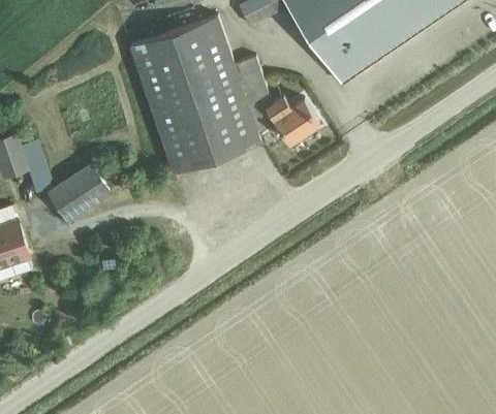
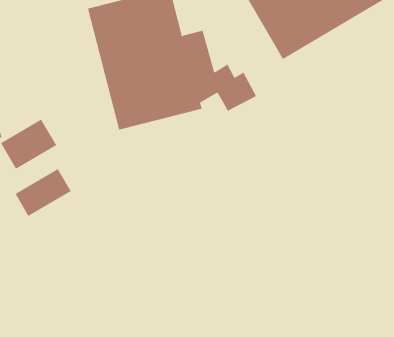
building: none -> [15,168,71,217]

